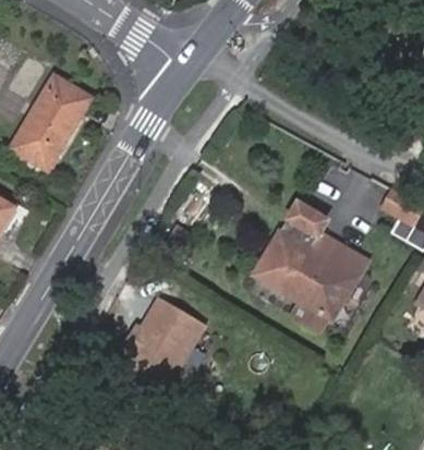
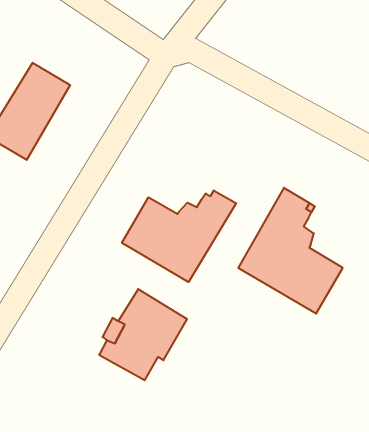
building: none -> [122,190,236,282]
building: [319,229,371,277] -> none

